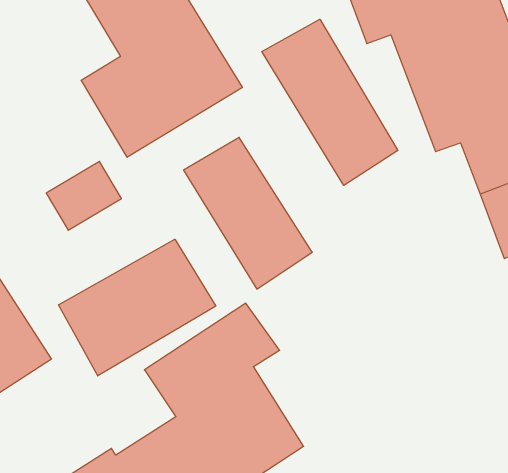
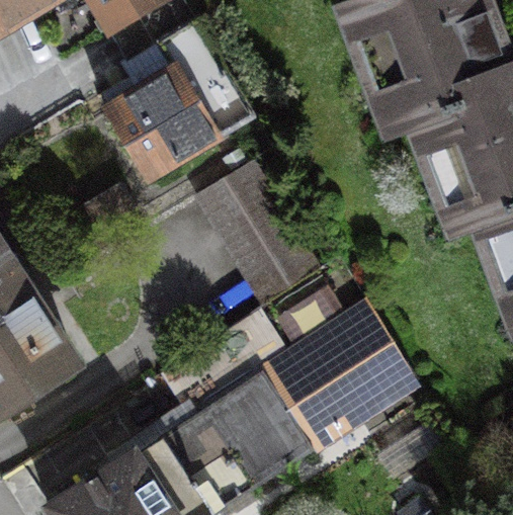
building: [262,19,398,185] -> none
building: [59,239,216,376] -> none
building: none -> [264,306,416,446]

